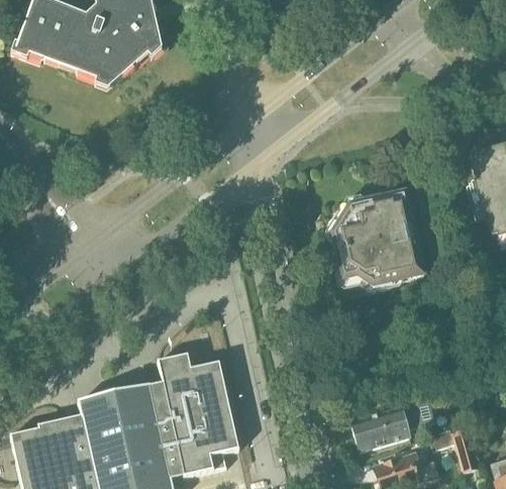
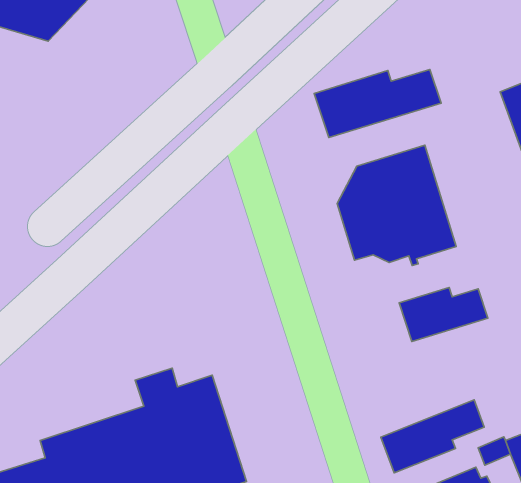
building: none -> [314,70,441,138]
building: none -> [399,287,488,342]

